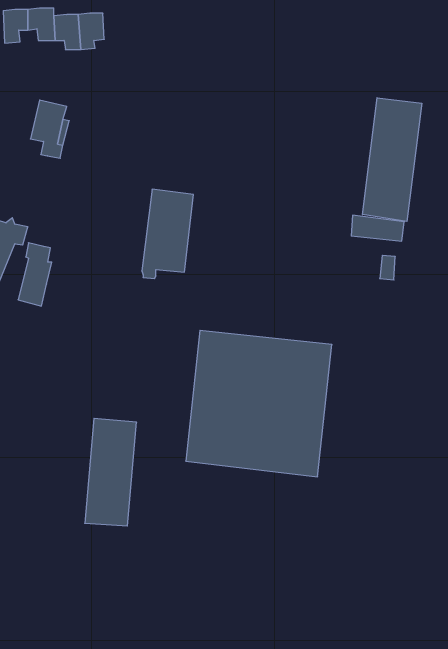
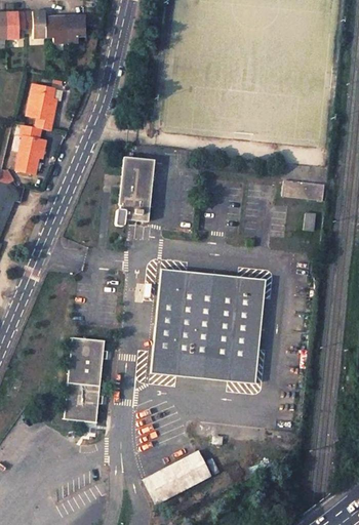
building: [363,98,422,221] -> none
building: [18,243,52,306] -> [14,126,41,176]
building: none -> [142,451,210,503]

